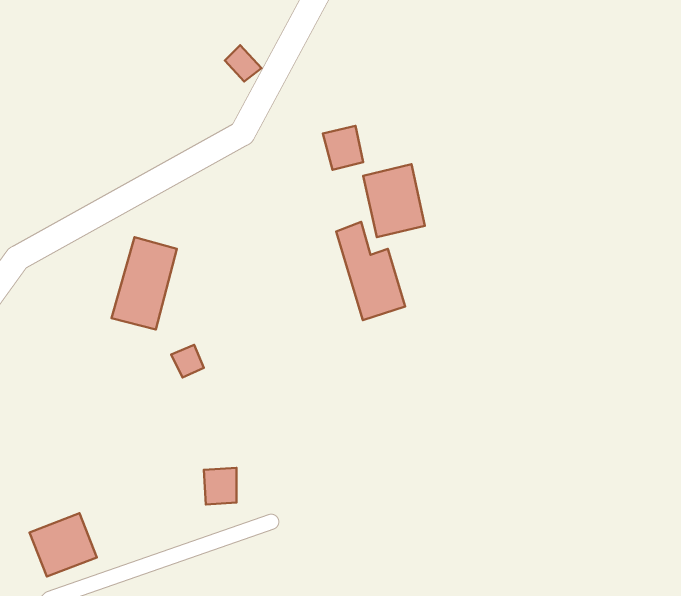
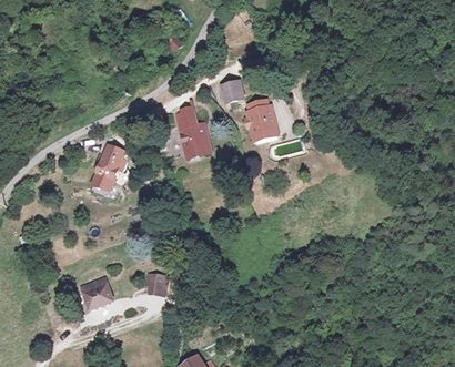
building: [336,222,405,320] -> [169,105,209,162]
building: [30,513,97,577] -> [79,275,118,312]

